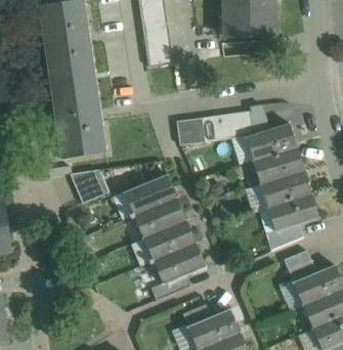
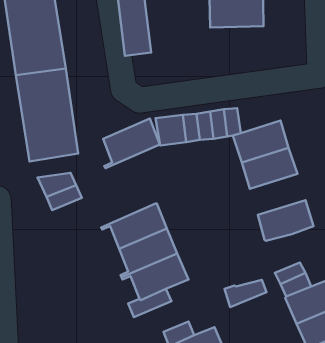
building: [261,170,311,207] -> none
building: [125,173,176,218] -> [103,118,160,168]
building: [265,224,303,249] -> [224,280,266,307]

